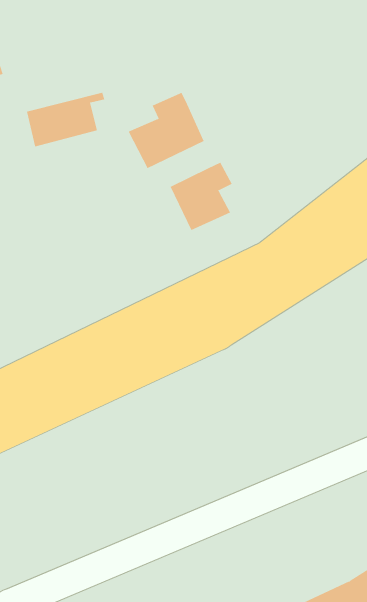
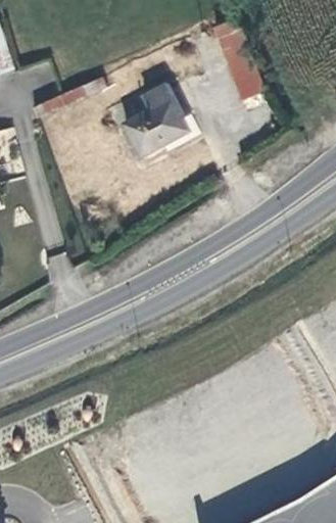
building: none -> [210,18,259,98]
building: [170,162,233,231] -> none

